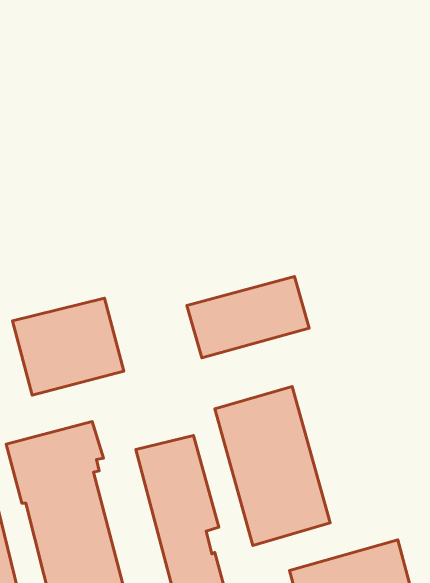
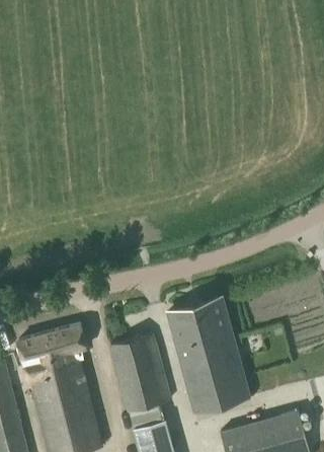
building: [187,277,309,358] -> none
building: [12,298,124,395] -> none

